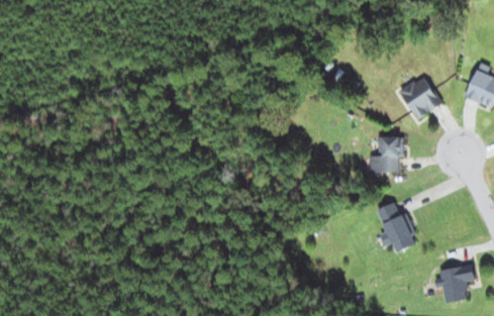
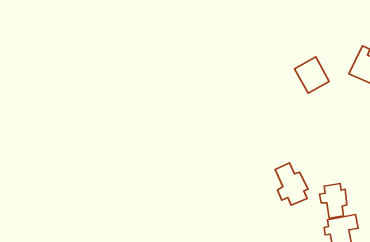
building: [370,136,404,173] -> none
building: none -> [319,183,347,218]

